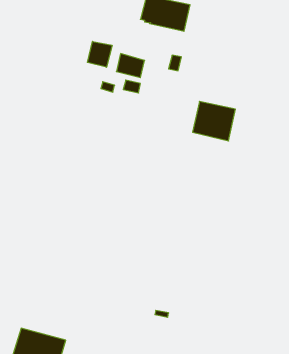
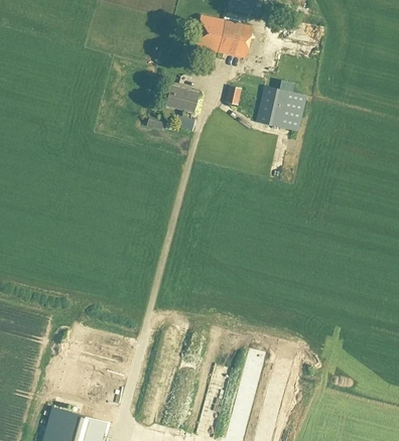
building: [87,41,112,67] -> none
building: [193,101,235,141] -> [256,85,306,131]

